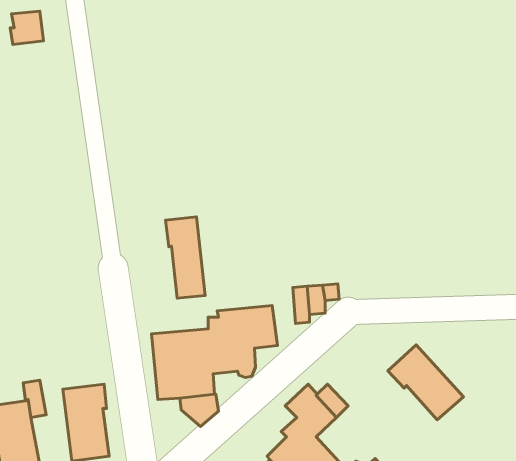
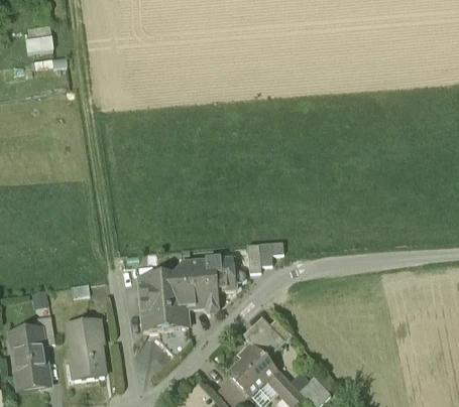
building: [166,217,205,298] -> none
building: [388,345,463,420] -> none

